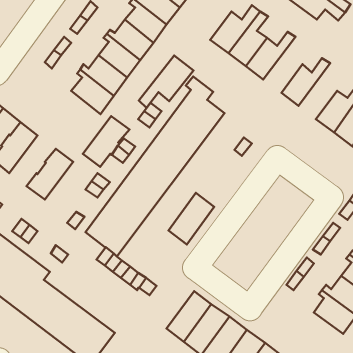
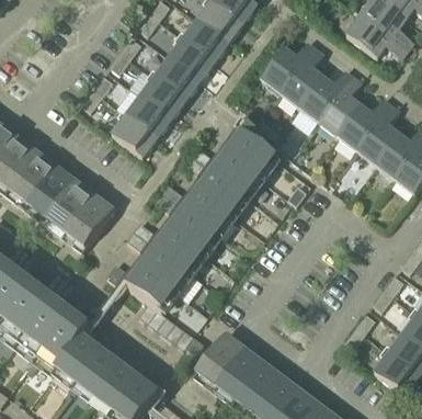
building: none -> [319,71,362,132]
building: [139,55,194,108] -> none
building: none -> [357,100,400,160]
building: [83,116,130,167] -> [45,178,95,233]
building: [168,193,214,245] -> [195,330,244,386]

